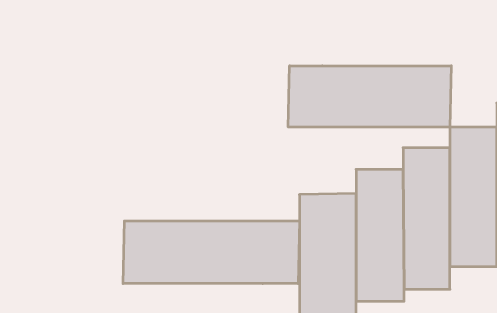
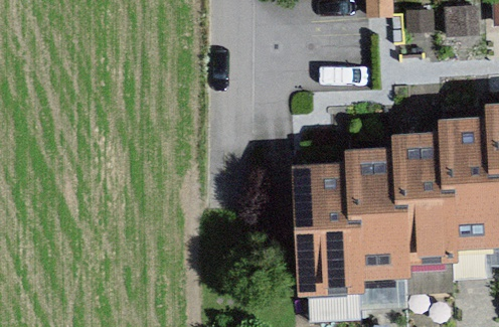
building: [288,66,451,127] -> none
building: [123,221,299,284] -> none

